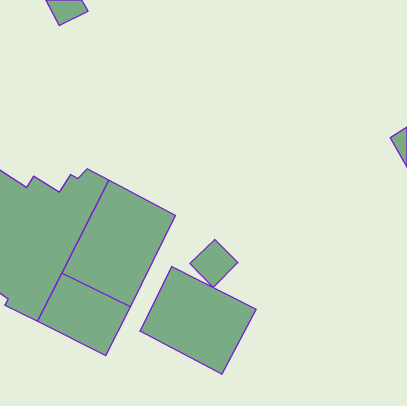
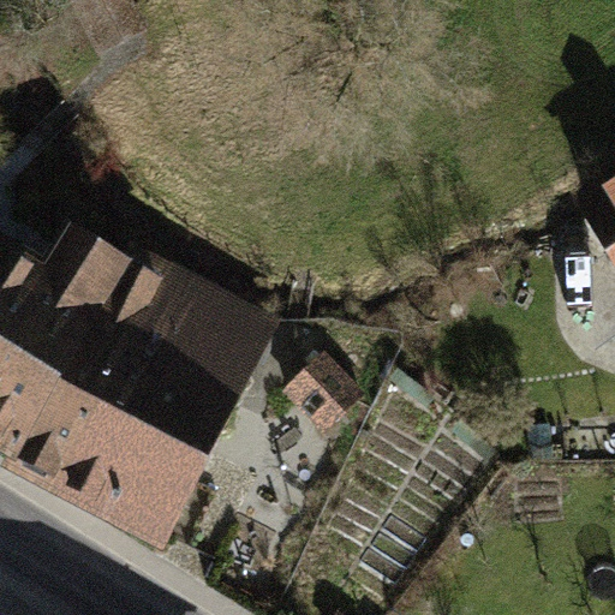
building: [140,266,256,374] -> none

